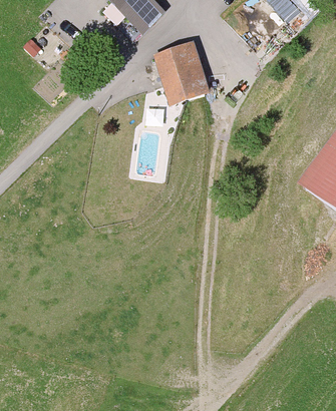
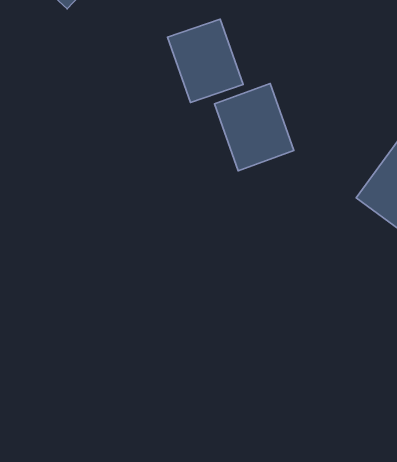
building: none -> [214,84,294,171]

